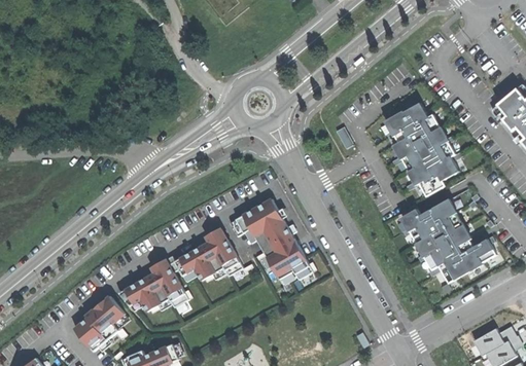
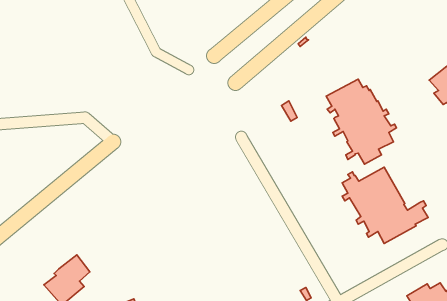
building: [229,198,316,284] -> none
building: [118,228,243,313] -> none

